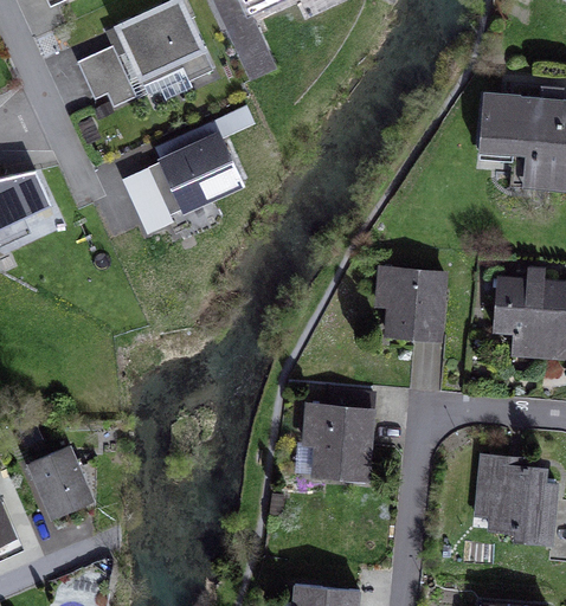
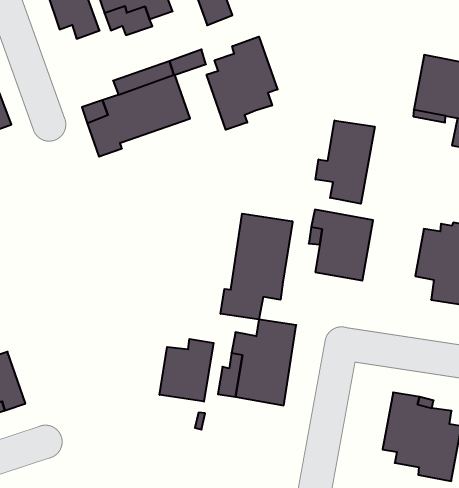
building: none -> [207,37,278,130]
building: none -> [316,120,375,204]
building: none -> [221,214,292,320]
building: none -> [160,339,214,402]

